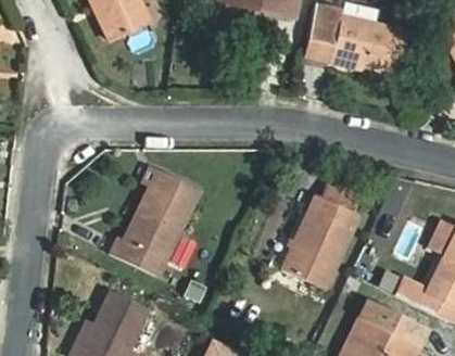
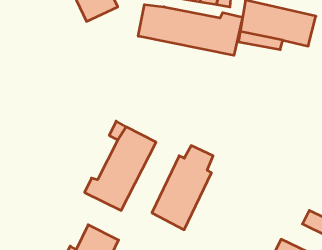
building: none -> [138,5,243,55]
building: [279,183,357,291] -> [152,146,213,230]

